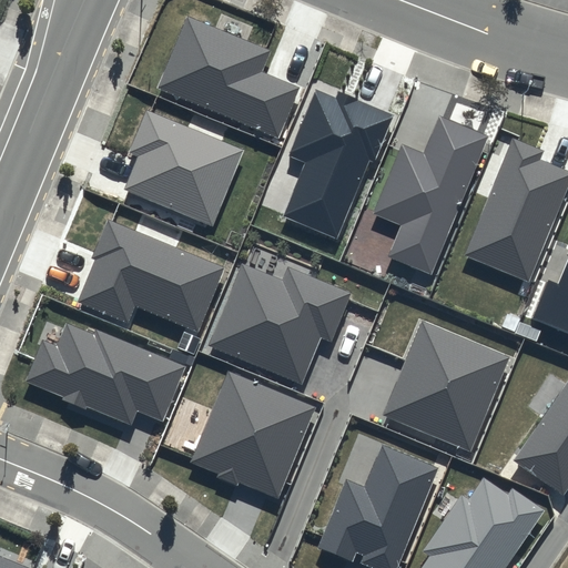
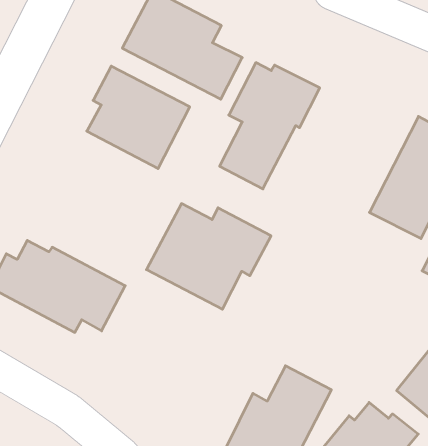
building: [374,115,488,274] -> none
building: [78,220,224,332] -> none
building: [385,322,509,450] -> none
building: [191,372,315,498] -> none

